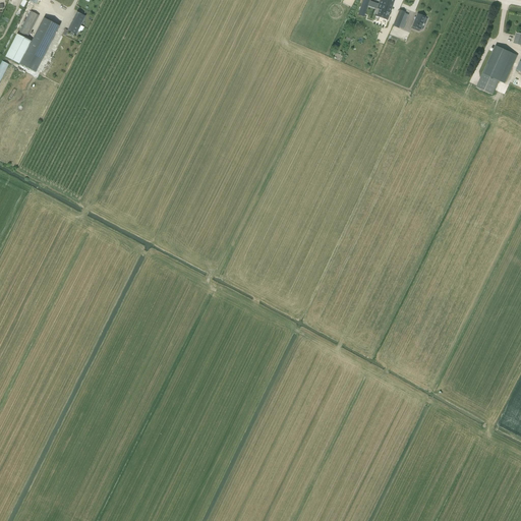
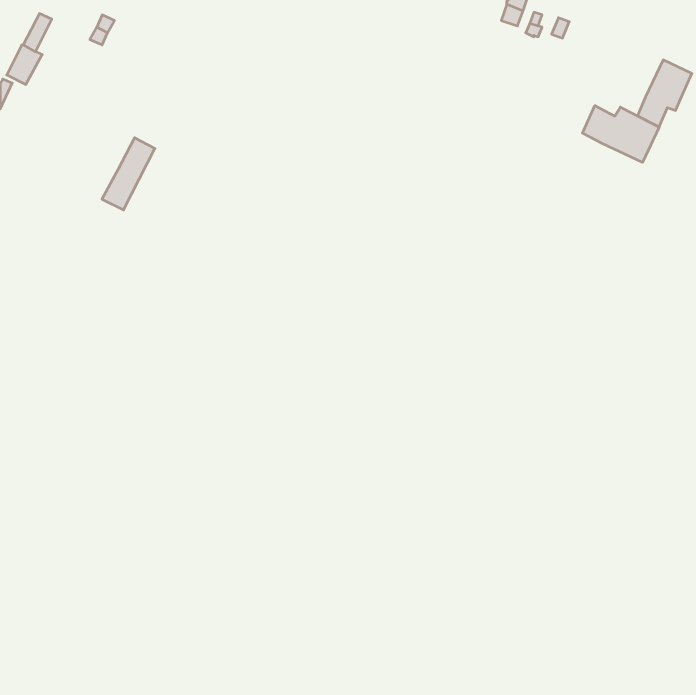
building: [19,17,59,71] -> [102,138,155,210]
building: none -> [582,106,659,162]

